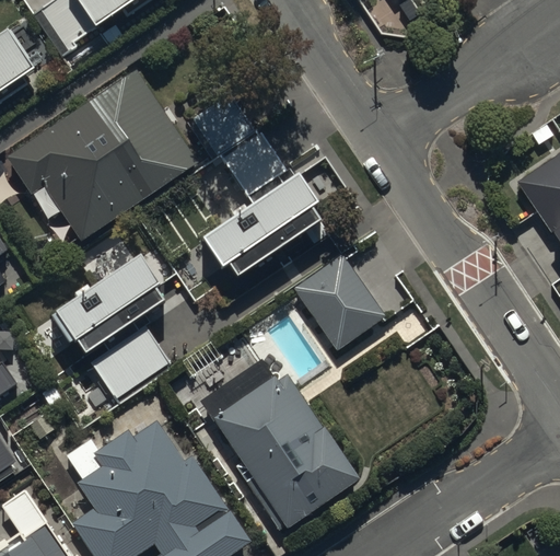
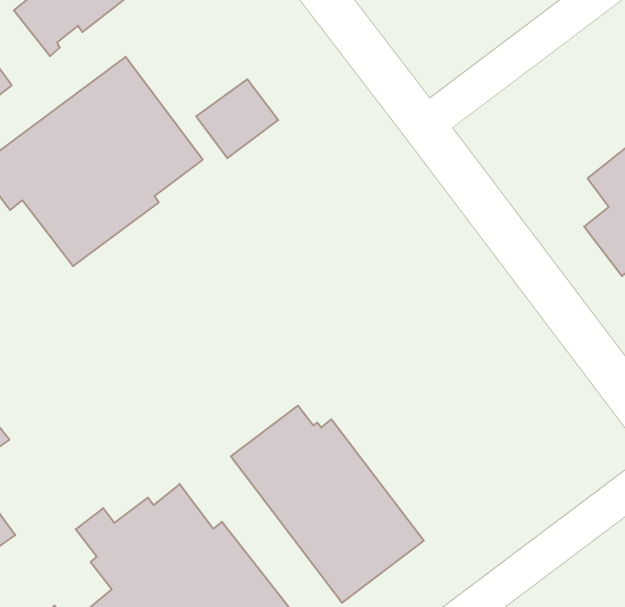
building: [206,126,327,276] -> none
building: [54,243,161,341] -> none
building: [296,262,388,359] -> none
building: [93,322,172,396] -> none

